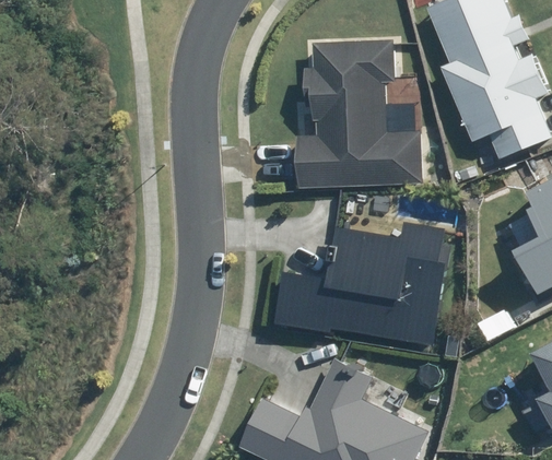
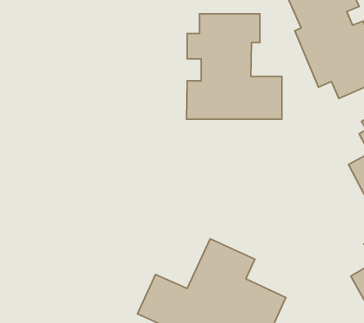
building: [267,220,451,346] -> none

